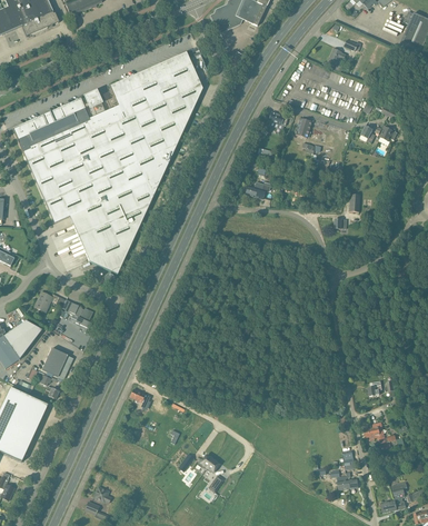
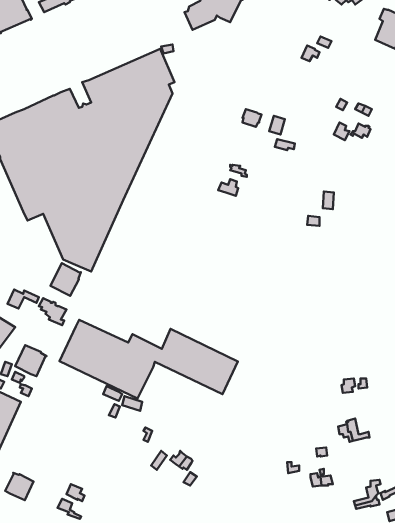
building: none -> [51,263,81,296]
building: none -> [59,320,238,398]
building: none -> [5,473,34,500]

